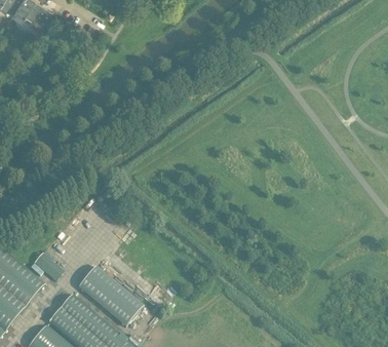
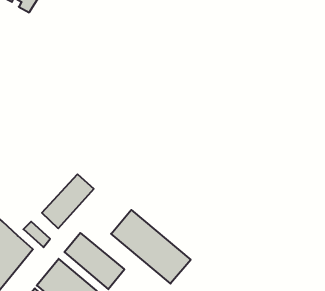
building: none -> [42,174,94,228]
building: none -> [111,210,191,284]

